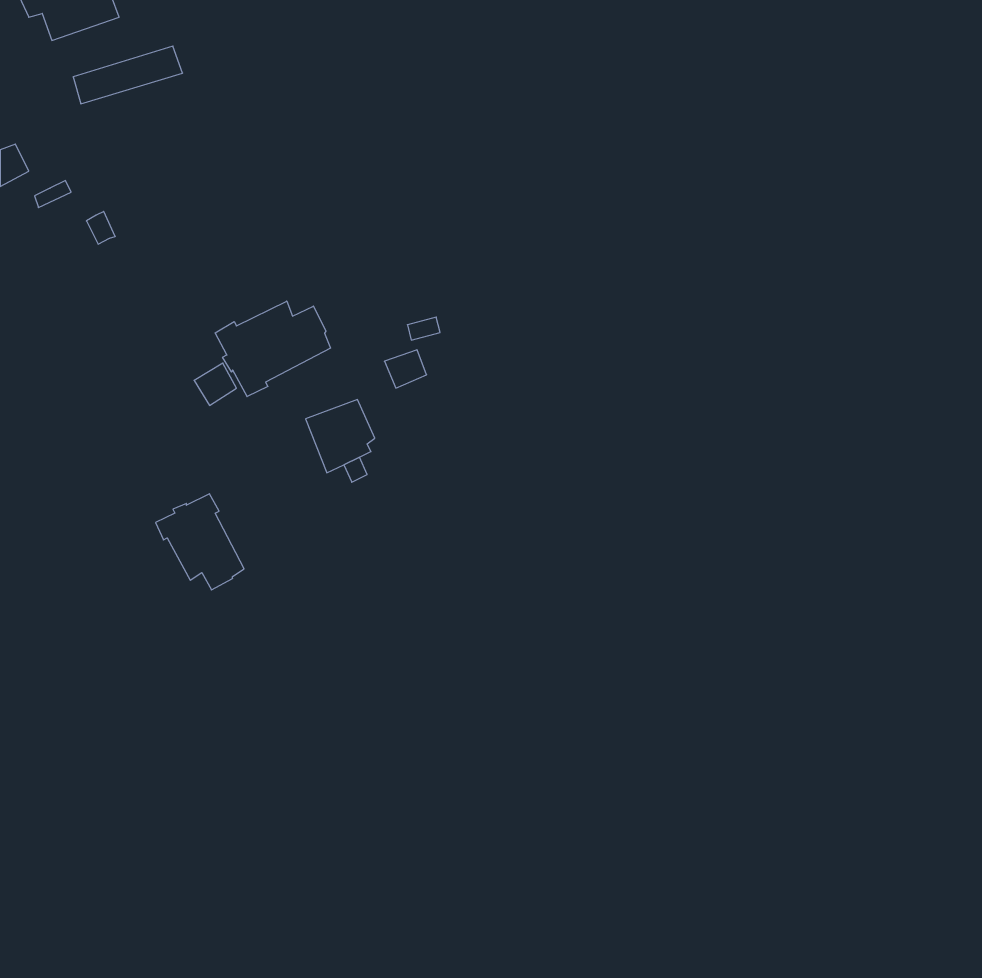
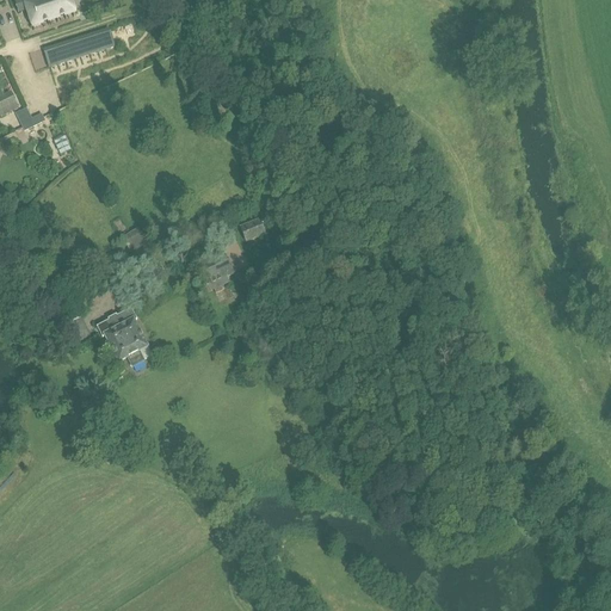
building: [215,301,330,397] -> none

